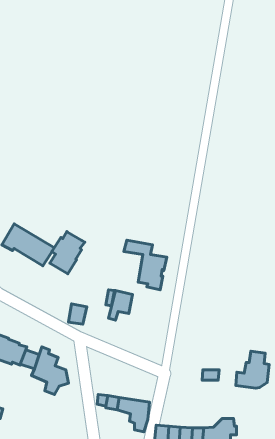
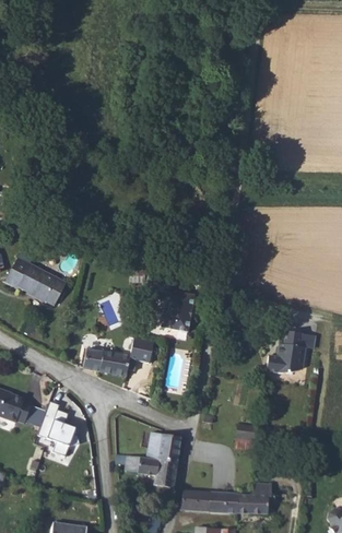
building: [50,232,85,274] -> none
building: none -> [98,353,130,378]
building: [236,351,269,388] -> [264,328,303,370]
building: none -> [148,431,179,462]

